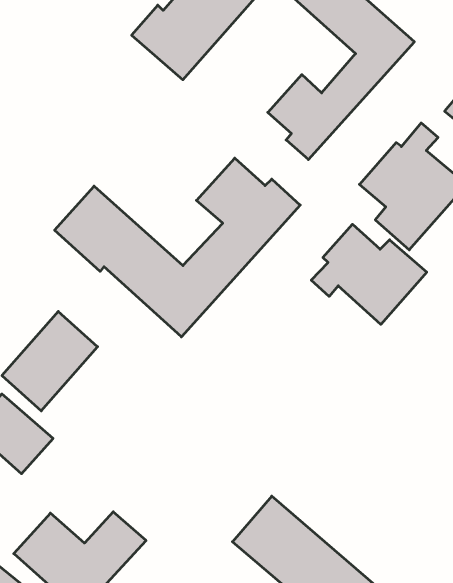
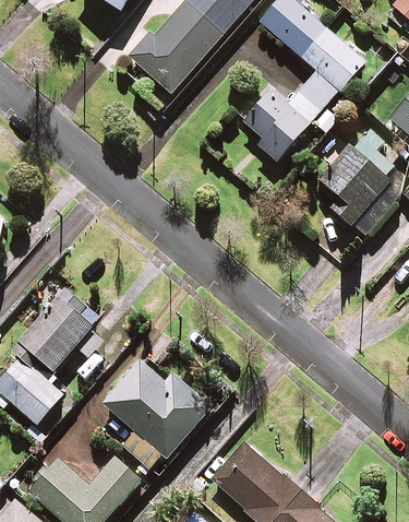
building: [55,158,300,337] -> none
building: [311,224,427,324] -> none
building: none -> [105,358,212,466]

